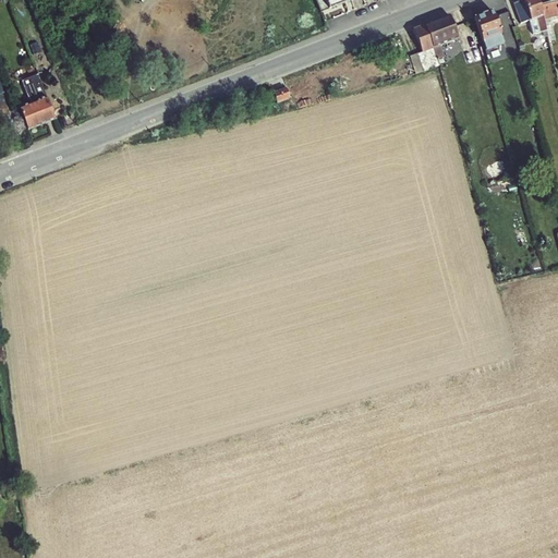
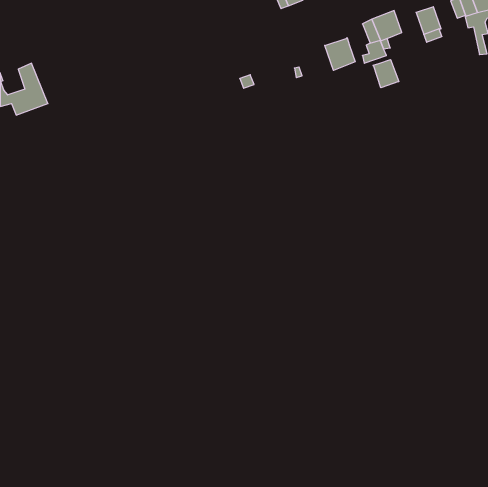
building: none -> [325,38,355,70]
building: none -> [373,60,399,88]

